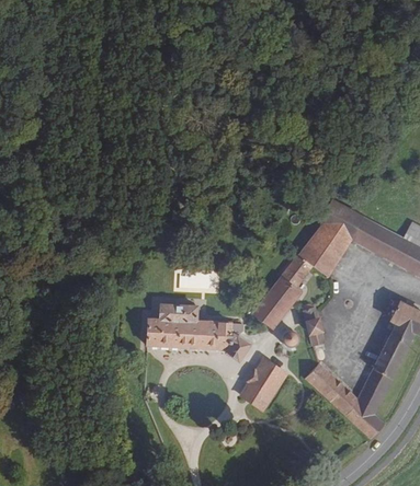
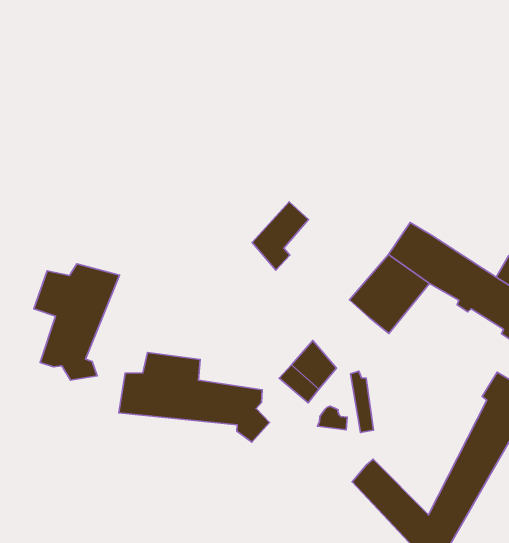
building: none -> [34,264,119,380]
building: [274,256,311,303] -> [252,202,309,270]
building: [241,360,286,408] -> none

